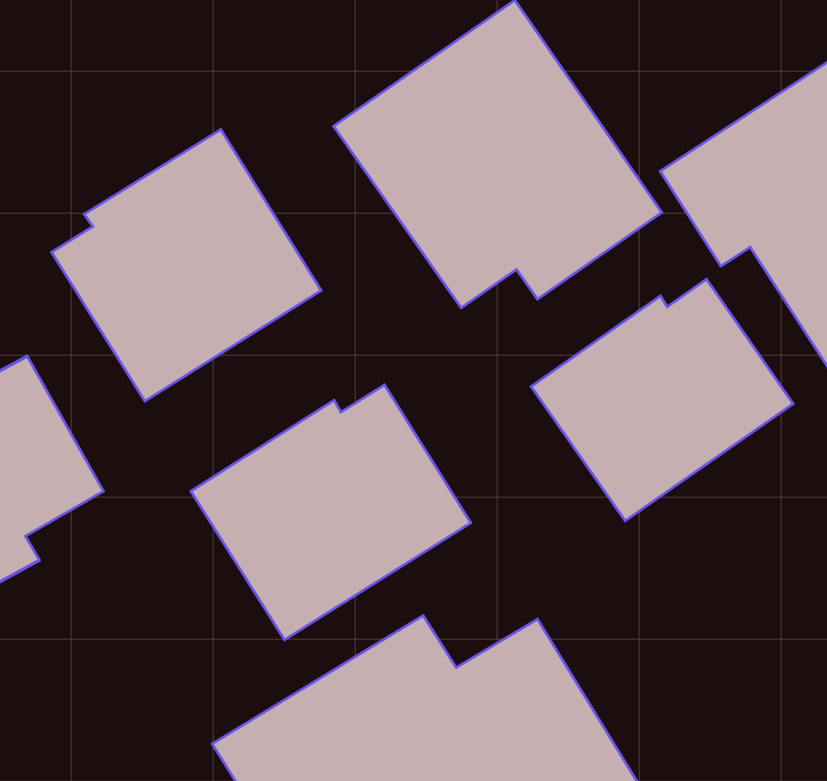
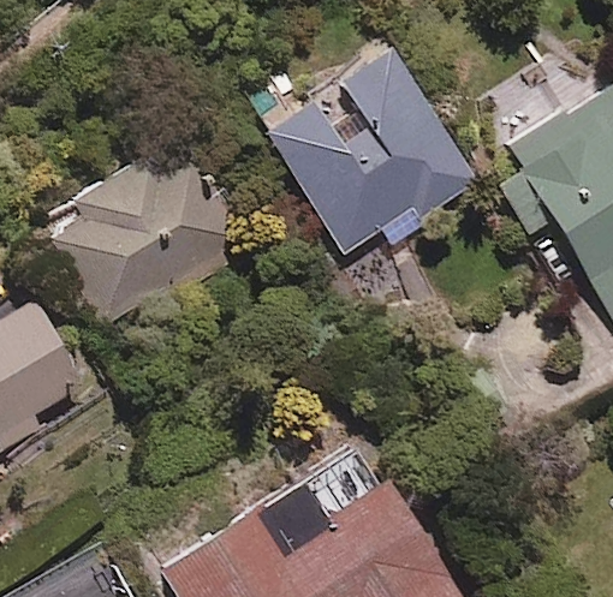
building: [531,279,793,521] -> none
building: [191,385,471,640] -> none

